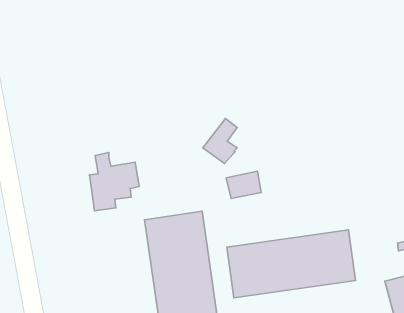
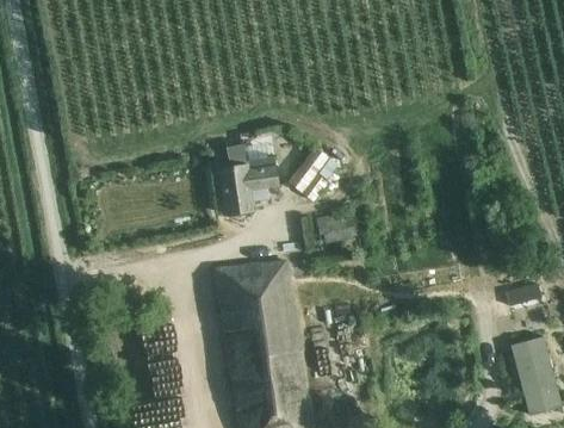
building: [89,152,139,211] -> [221,143,281,215]
building: [227,230,355,298] -> none

